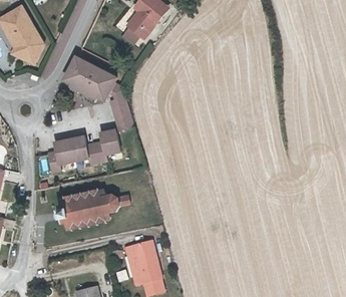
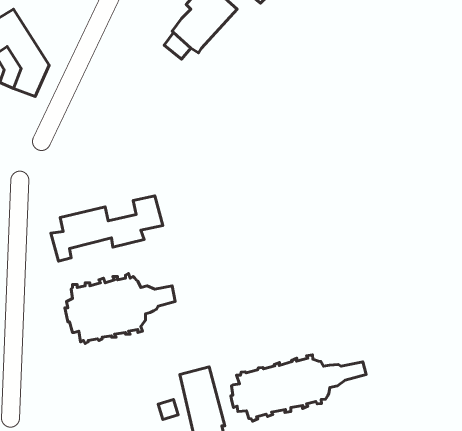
building: [63,58,131,130] -> none
building: none -> [231,355,366,421]

